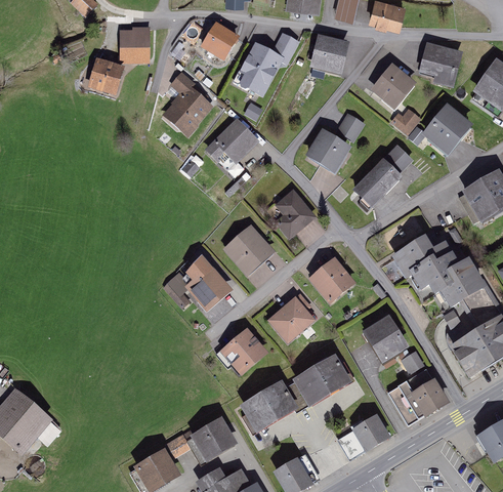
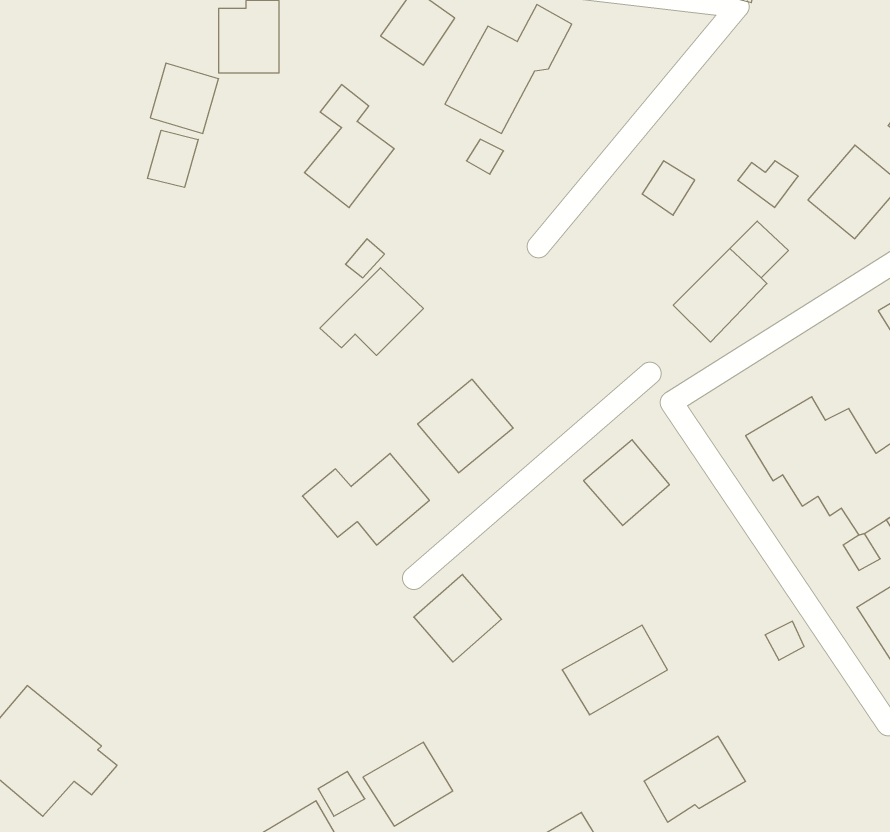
building: [311,35,350,74] -> none
building: [421,41,464,84] -> none
building: [373,64,417,108] -> none
building: none -> [147,130,198,187]
building: [202,120,256,166] -> [320,268,423,355]
building: [306,128,352,173] -> none
building: [271,190,313,240] -> none
building: [265,291,313,344] -> none
building: [364,315,407,359] -> none
building: [389,372,445,425] -> none
building: [242,381,298,432] -> none

